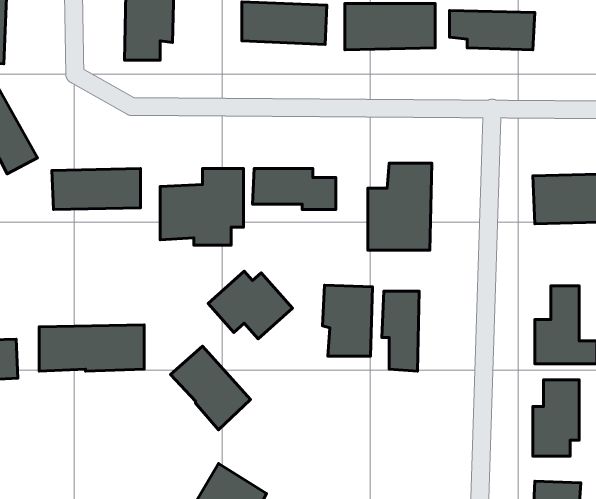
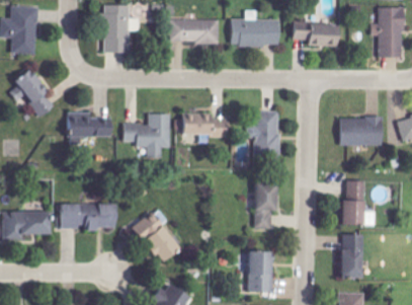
building: [208,271,293,339] -> none
building: [323,285,372,356] -> [244,250,272,291]

